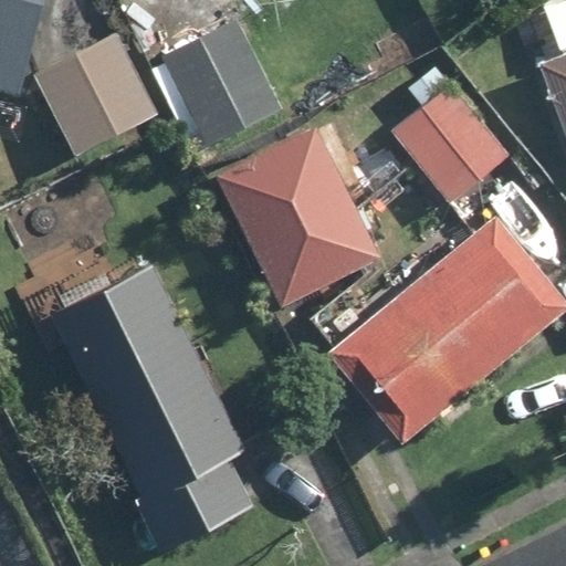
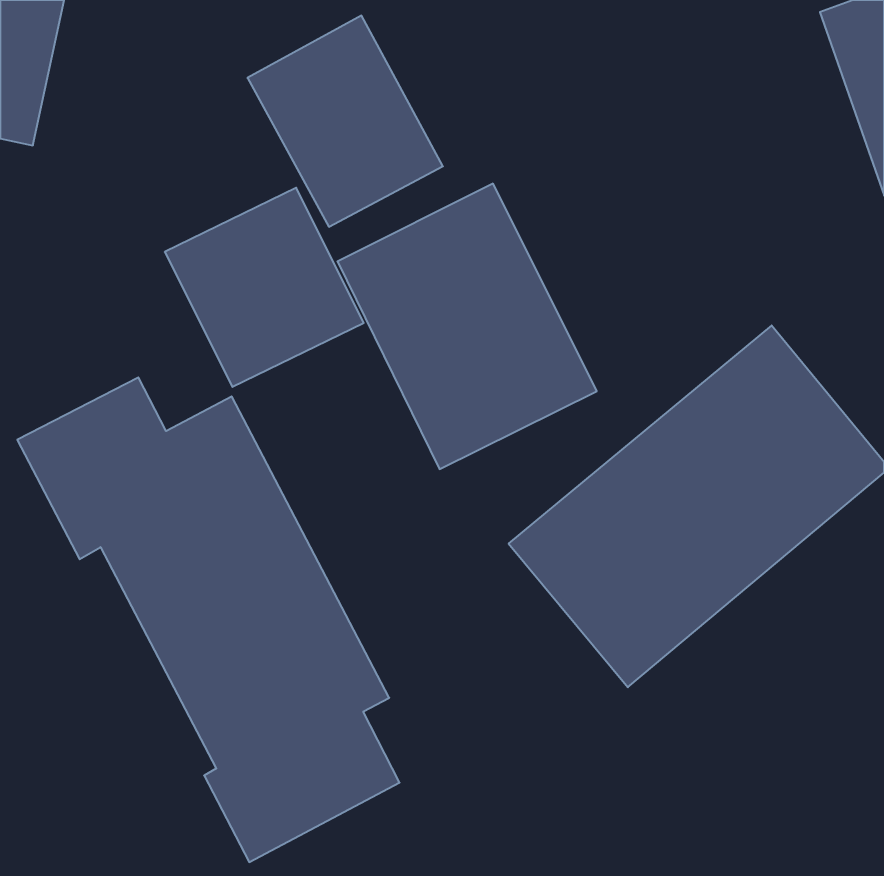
building: [33,32,160,159] -> [165,188,364,387]
building: [387,67,512,210] -> none

